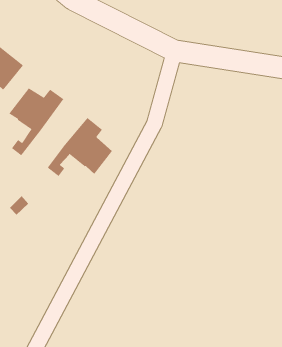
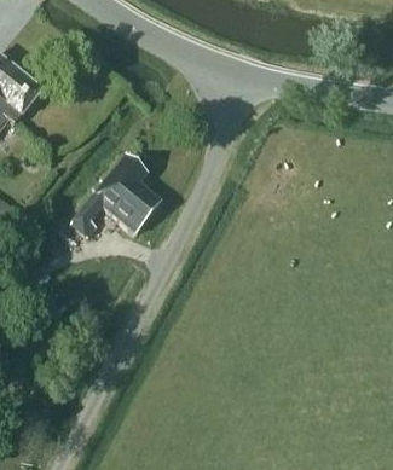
building: [8,87,64,156] -> none

